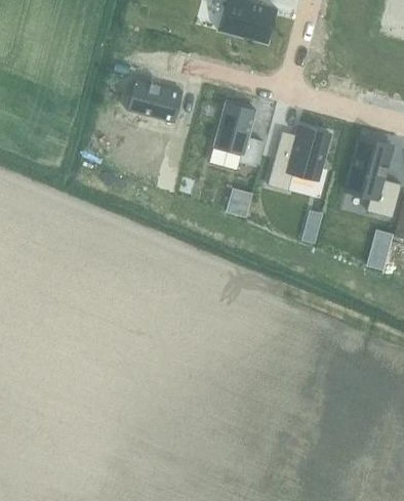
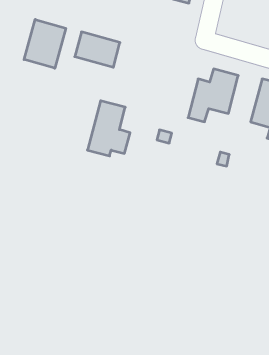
building: none -> [24,19,66,68]
building: [209,100,262,169] -> [87,101,130,156]

